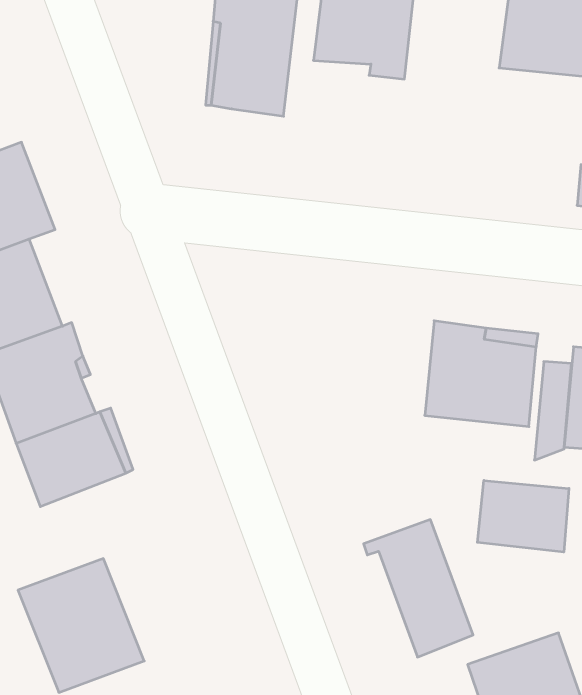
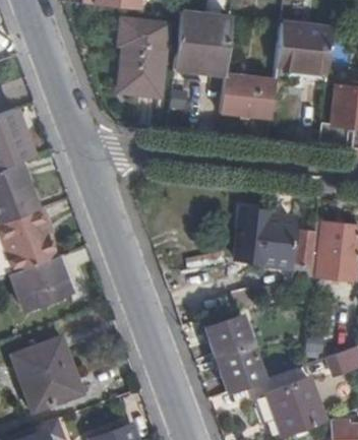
building: none -> [220,75,275,117]
building: [477,480,569,552] -> none

